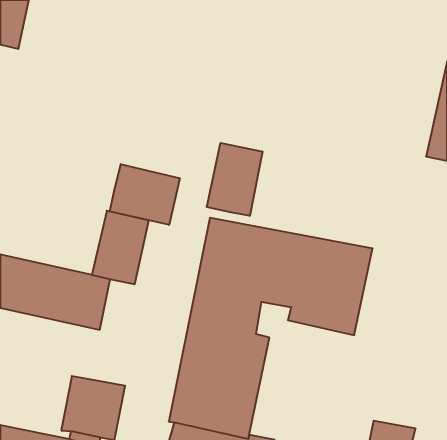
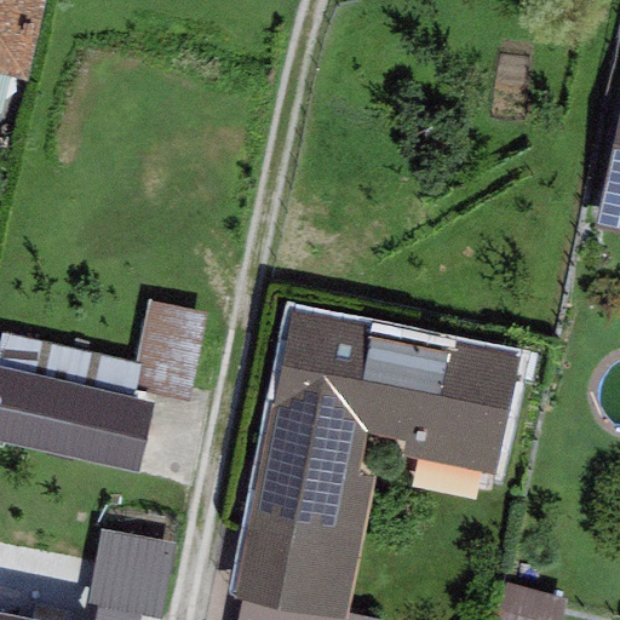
building: [207,143,262,216] -> none
building: [110,164,180,225] -> none

